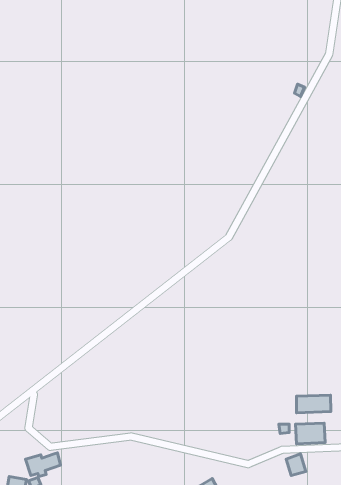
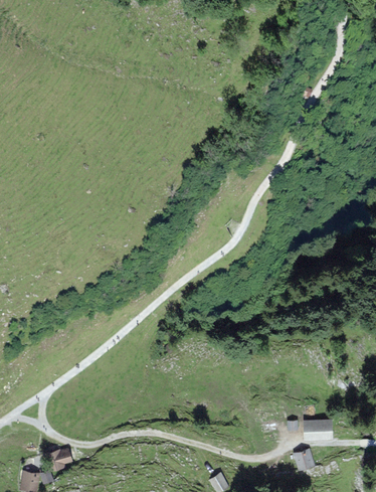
building: [296,395,331,413] -> none

